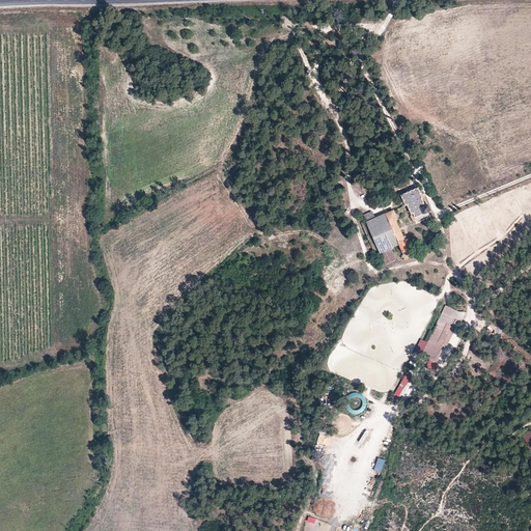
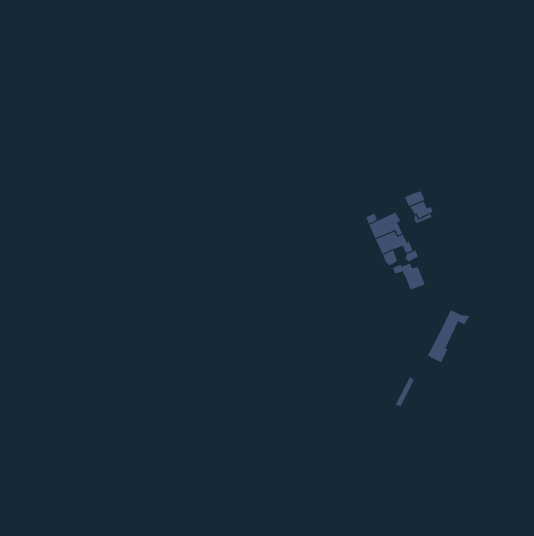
building: none -> [392,263,426,291]

